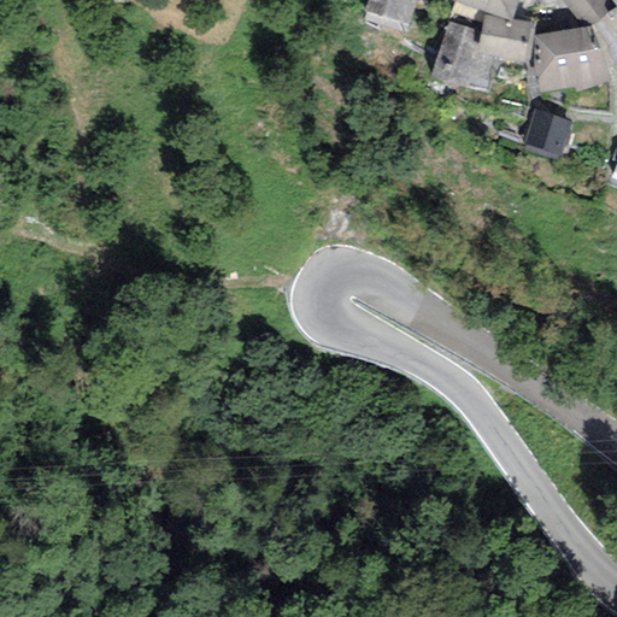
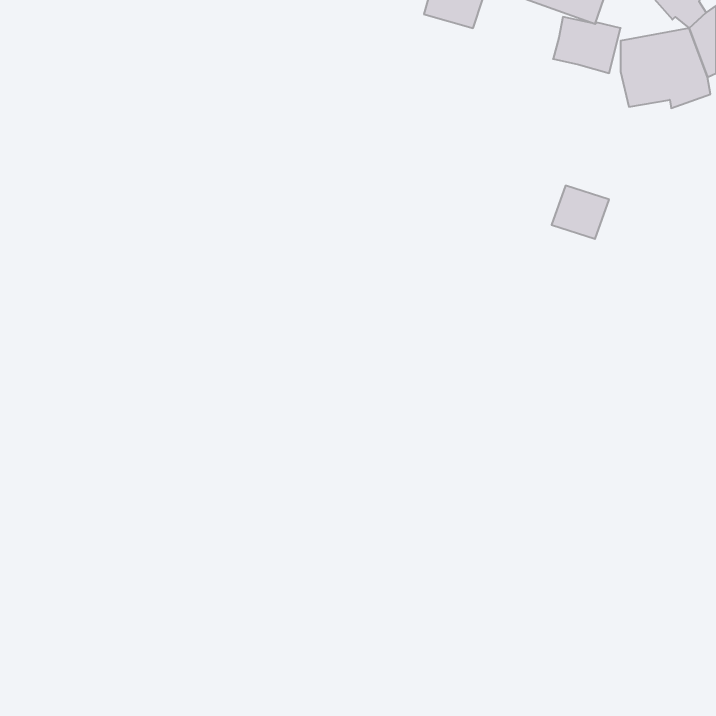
building: [430,20,496,90] -> none
building: [522,108,571,154] -> [552,186,609,239]

